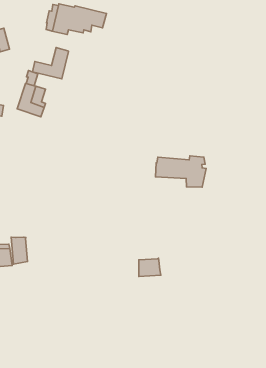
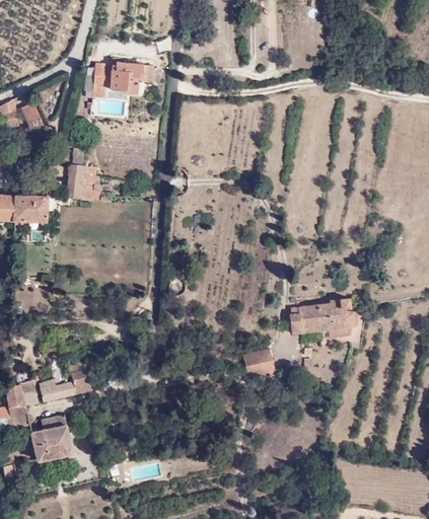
building: [32,47,69,79] -> none
building: [155,156,206,187] -> [289,300,351,340]
building: [11,237,28,264] -> none

